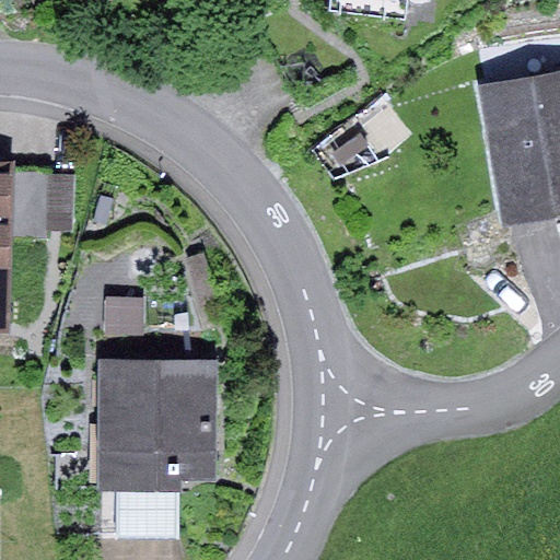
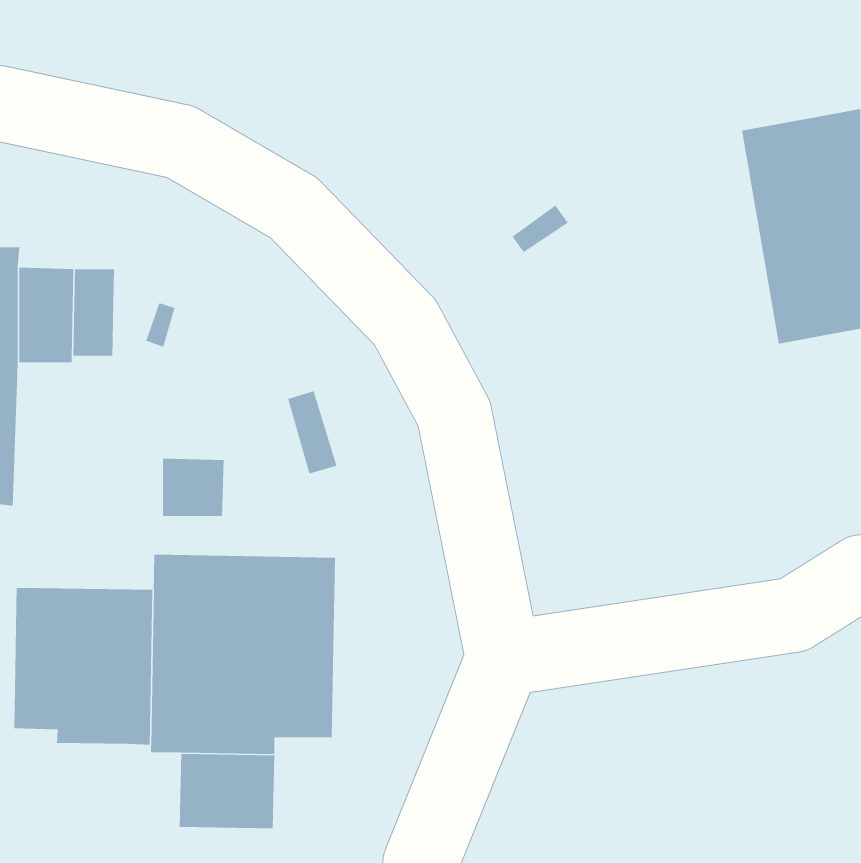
building: none -> [14,587,153,745]

